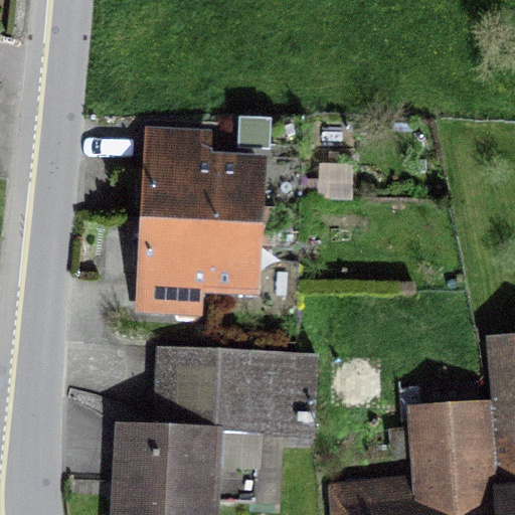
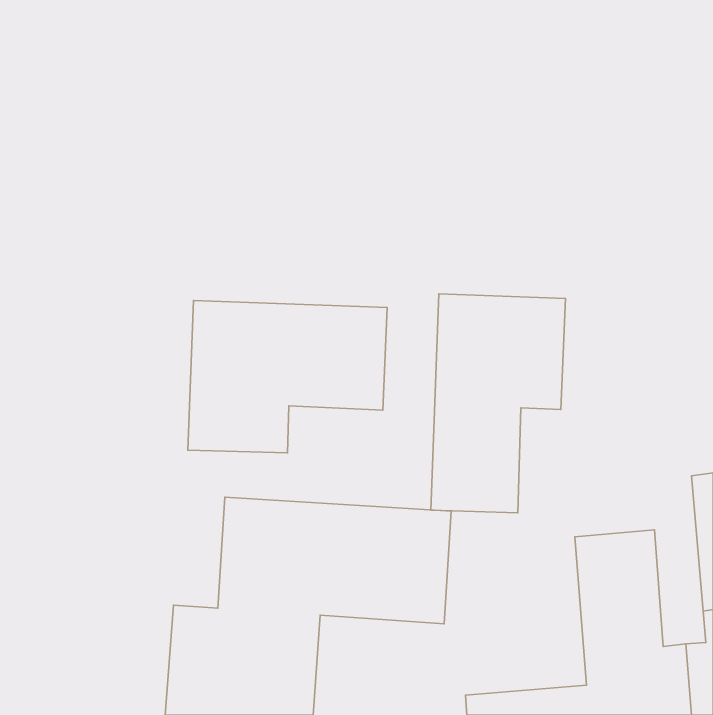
building: [137,121,276,217] -> none
building: none -> [431,294,565,513]

